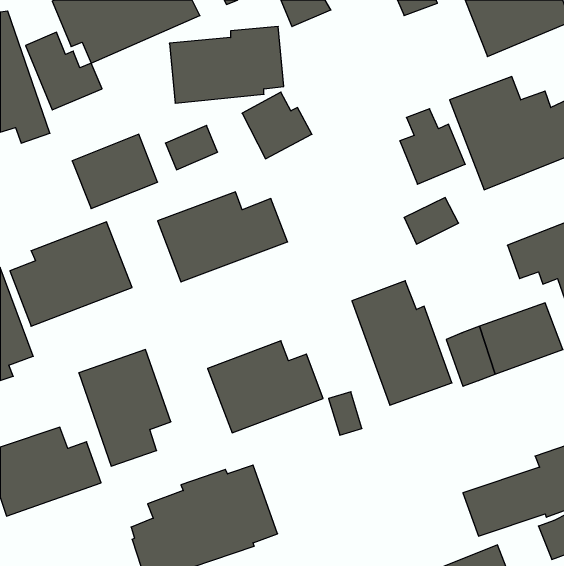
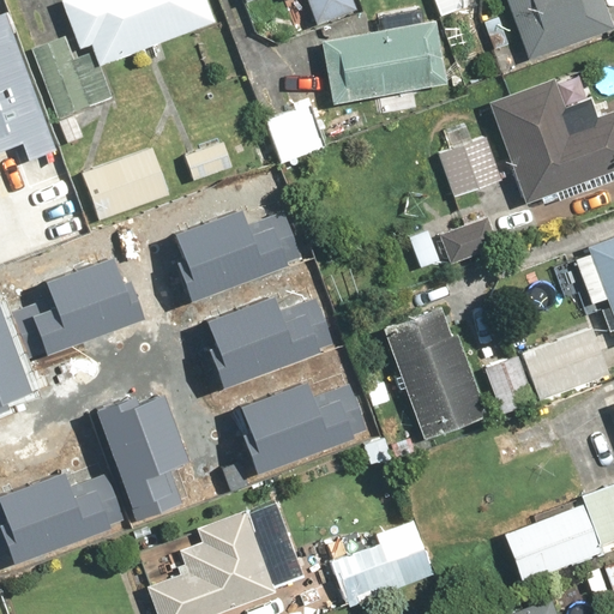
building: [169,27,284,103] -> [321,20,445,103]
building: none -> [197,284,336,383]
building: none -> [324,530,434,604]

